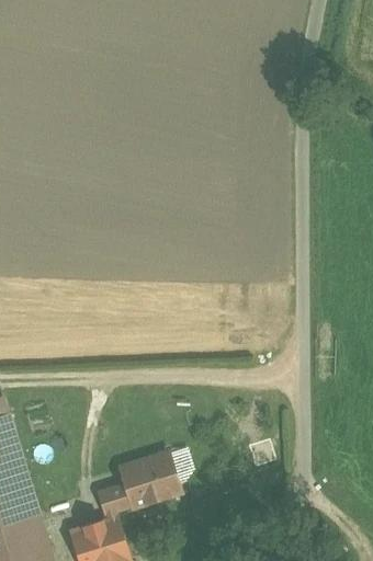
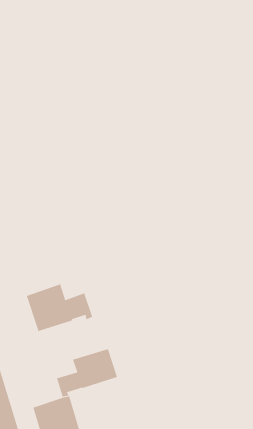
building: none -> [26,283,93,332]

